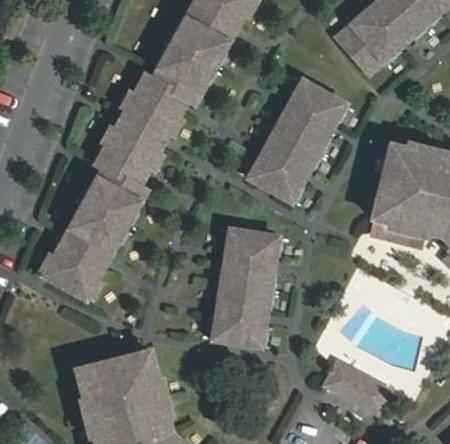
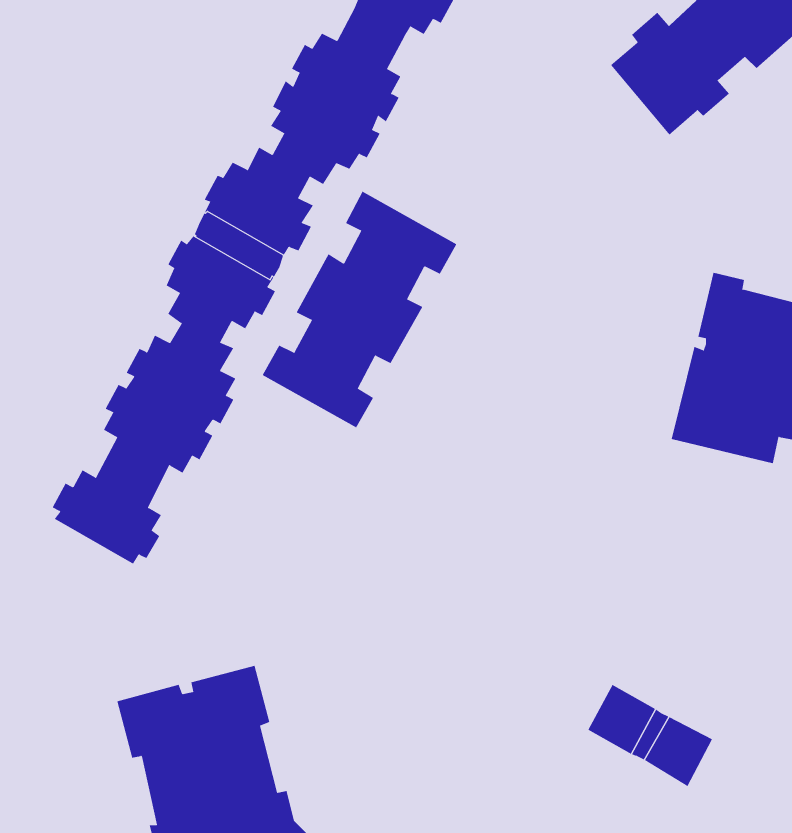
building: [244,78,347,203] -> [262,191,457,428]
building: [208,229,281,348] -> none

